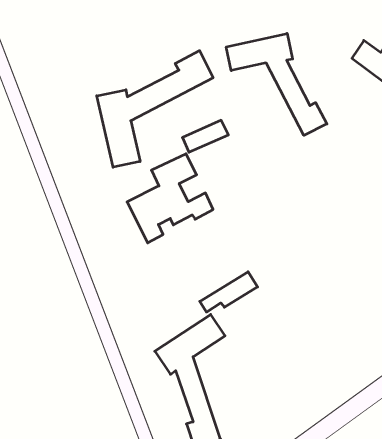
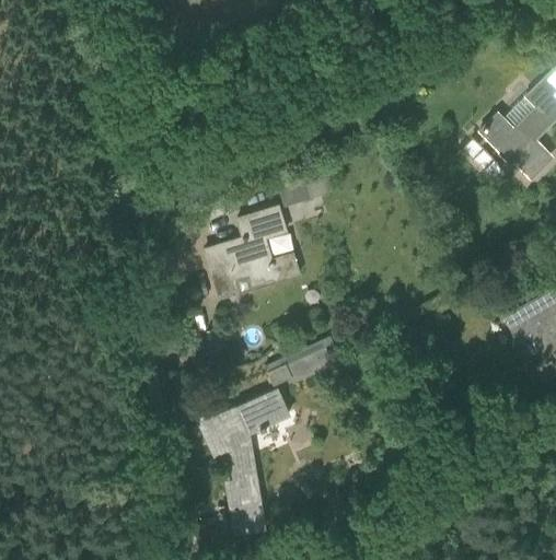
building: [226,33,327,135] -> none
building: [97,51,213,167] -> none

